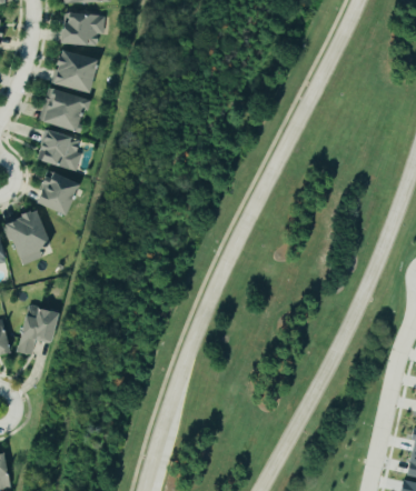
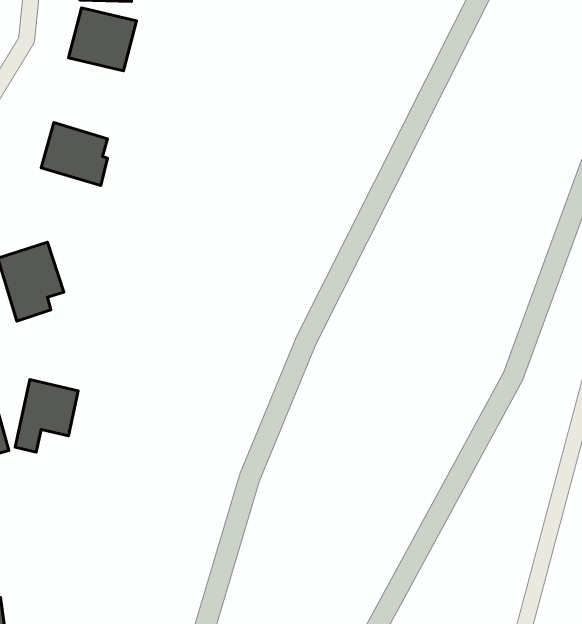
building: [38,87,88,131] -> none
building: [36,168,81,216] -> none

